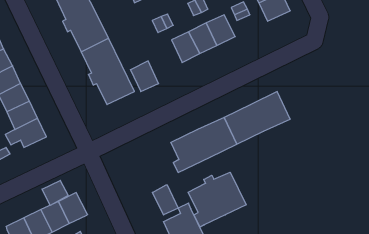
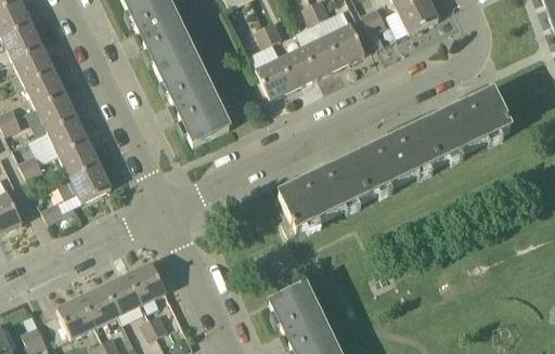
building: [130,61,159,92] -> [256,56,294,97]
building: none -> [422,91,511,162]
building: [188,172,246,227] -> none
building: [42,180,68,205] -> none
building: [152,185,178,215] -> none

